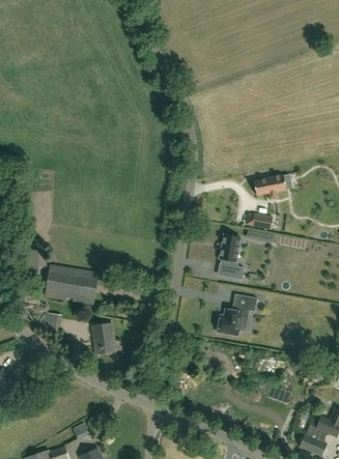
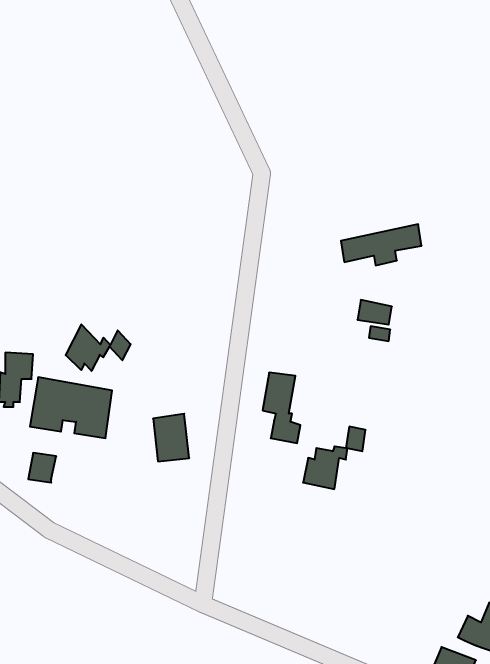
building: none -> [66,324,131,371]
building: [219,235,243,280] -> [263,373,300,443]
building: [91,323,114,353] -> [153,414,189,461]

